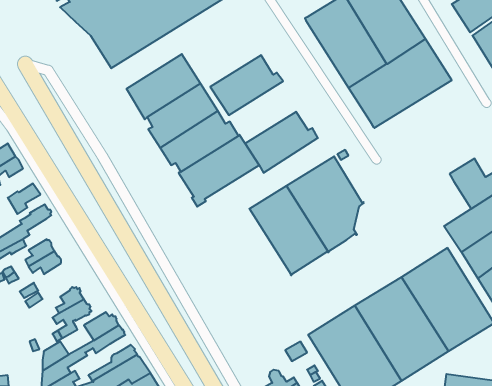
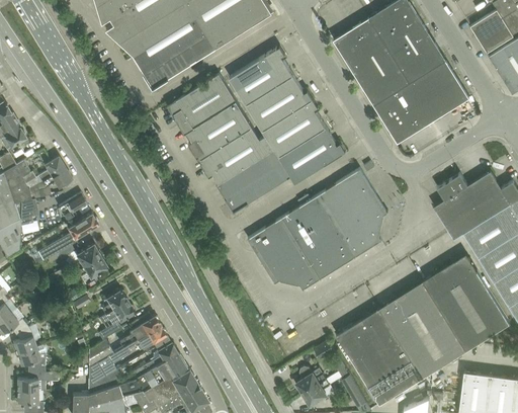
building: none -> [230,47,293,104]
building: none -> [263,99,326,157]
building: none -> [434,174,489,239]
building: none -> [249,218,321,291]

